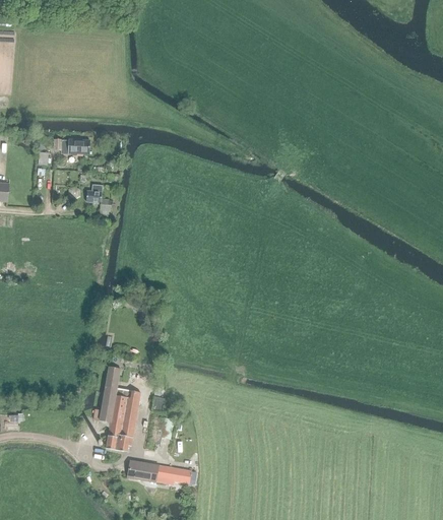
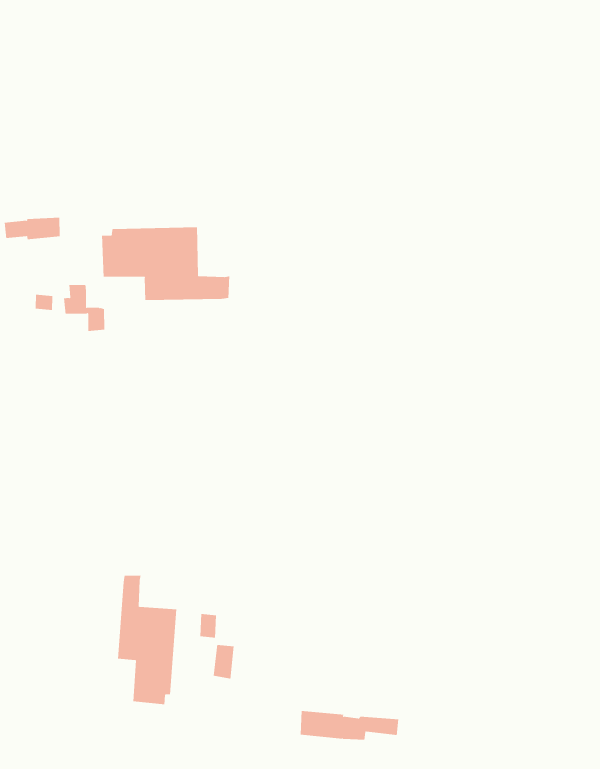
building: none -> [101,227,230,301]
building: [127,459,190,481] -> [300,711,399,740]

